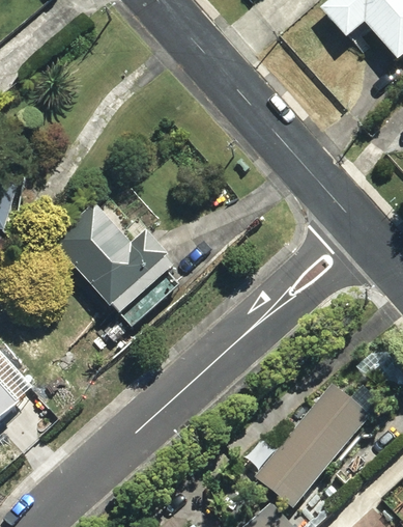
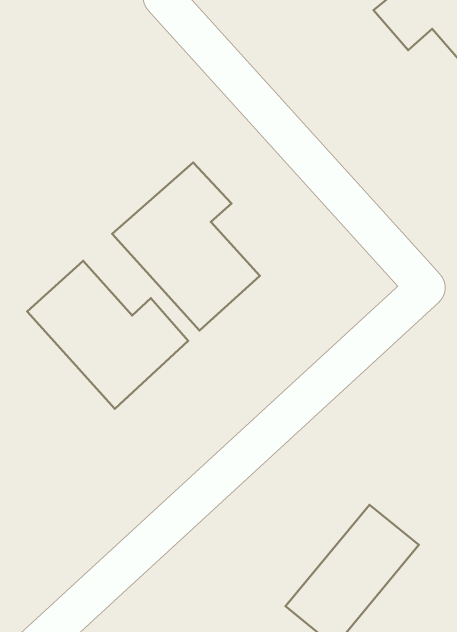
building: none -> [112,162,260,330]

